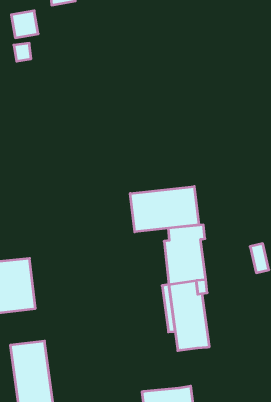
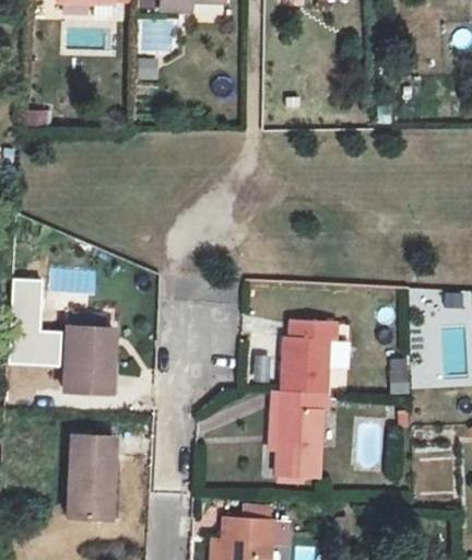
building: [130,186,199,232] -> none

